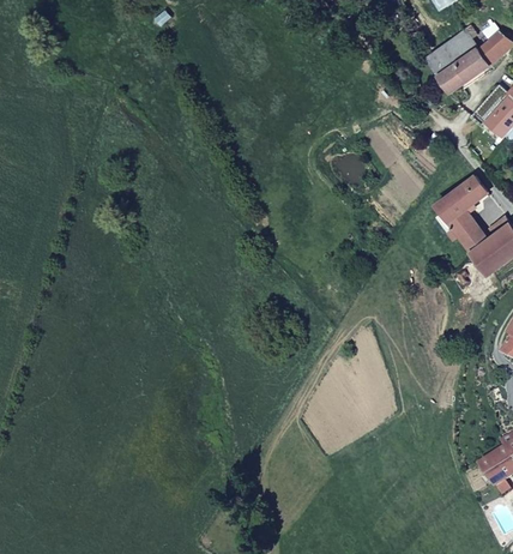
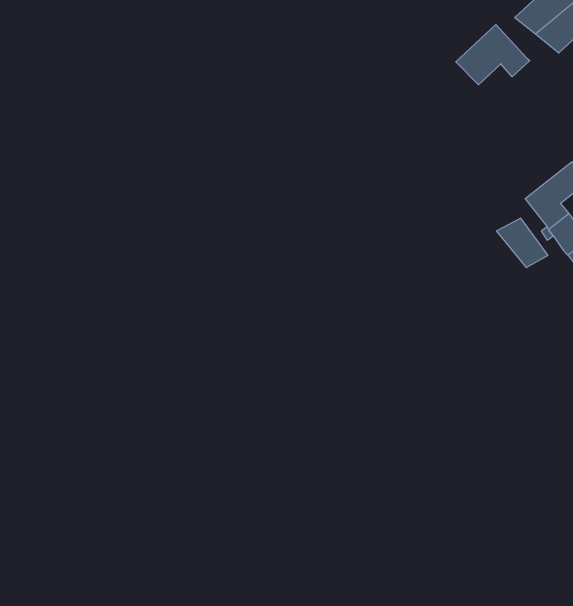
building: none -> [456,25,530,85]
building: none -> [497,218,548,268]

